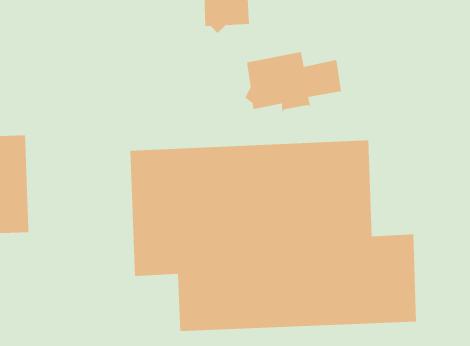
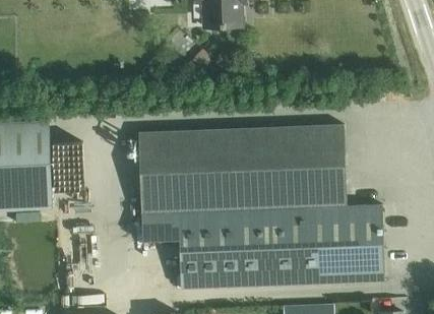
building: [244,51,342,112] -> none

